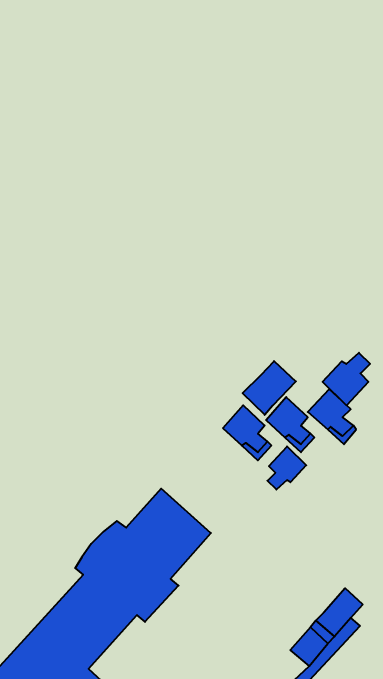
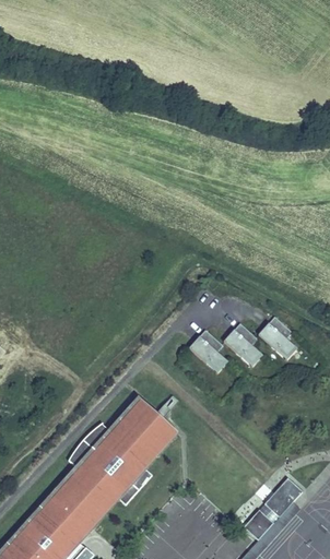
building: [323,353,370,405] -> none
building: [243,361,296,415] -> none
building: [267,446,306,490] -> none

